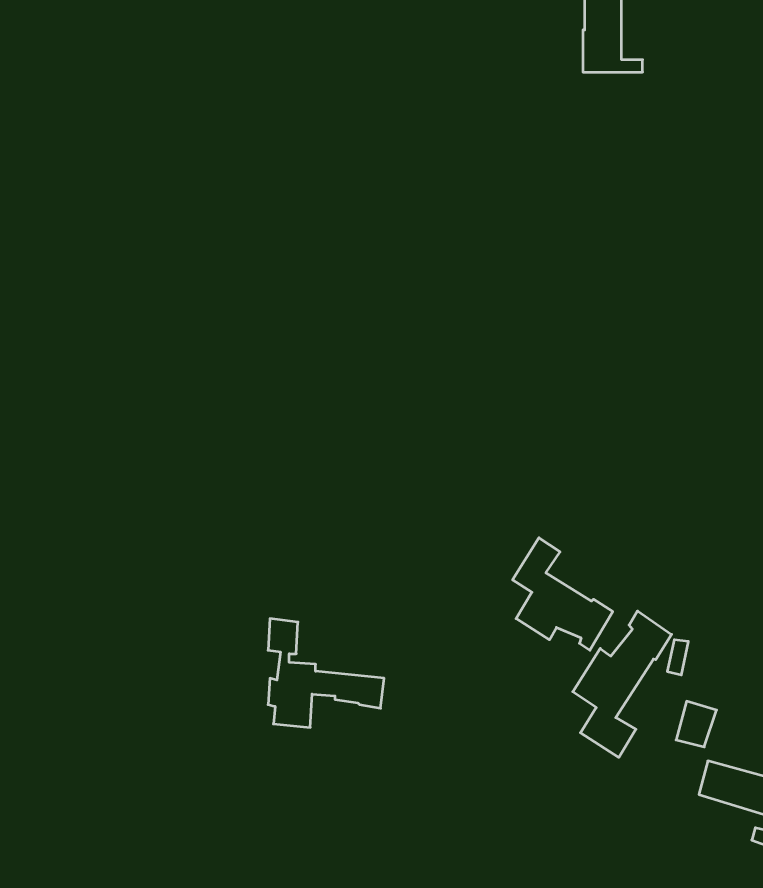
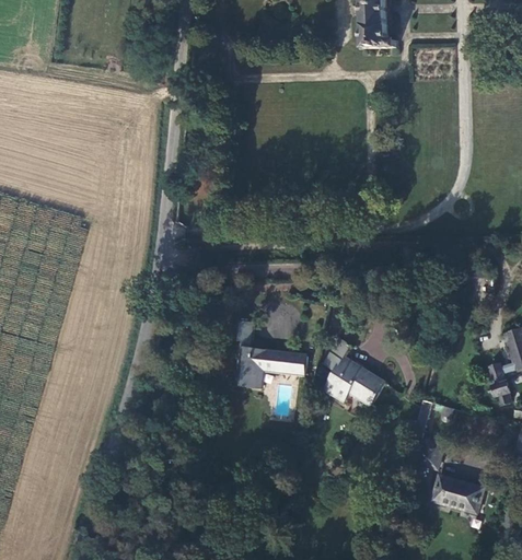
building: [573,611,672,757] -> none
building: [268,619,384,727] -> [233,319,305,387]

